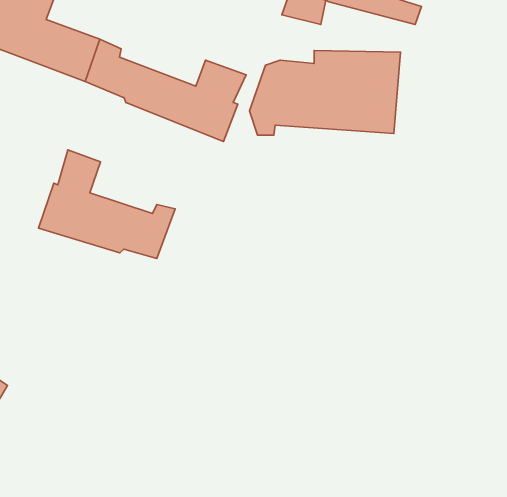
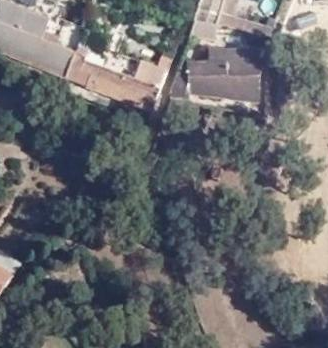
building: [39,150,175,259] -> none

